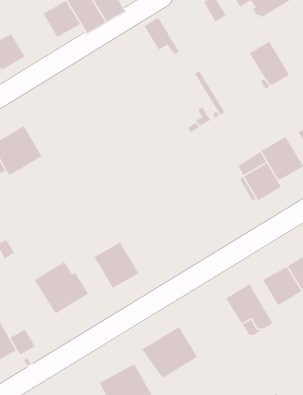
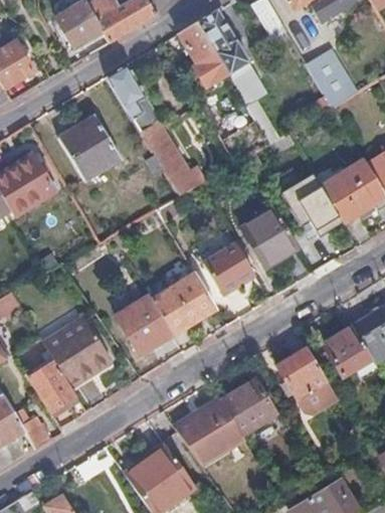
building: none -> [196,8,257,79]
building: none -> [106,63,207,195]
building: none -> [59,116,121,179]
building: none -> [242,208,299,266]
building: none -> [204,242,254,293]
building: none -> [152,274,217,335]
building: none -> [28,360,77,412]
building: none -> [221,379,276,434]

